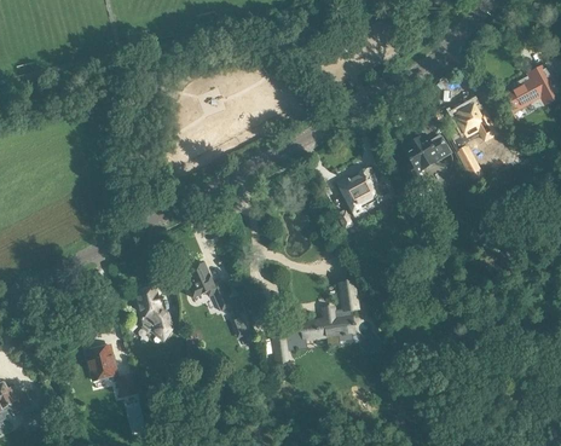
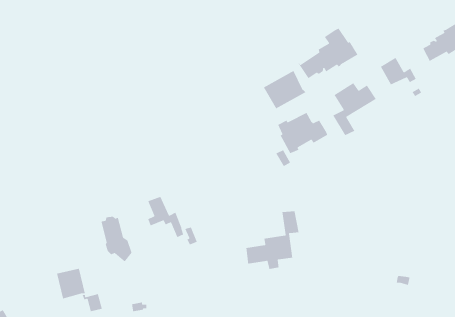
building: none -> [293,27,358,79]
building: none -> [263,70,307,110]

